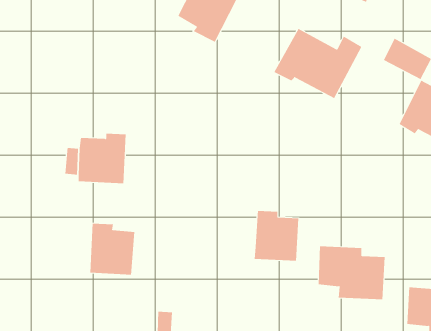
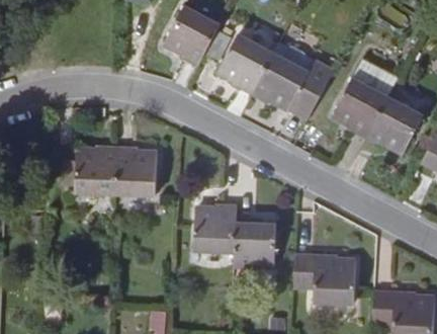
building: none -> [220,31,275,92]
building: none -> [333,81,387,140]
building: none -> [194,205,239,252]
building: [90,223,135,275] -> [116,149,158,196]

